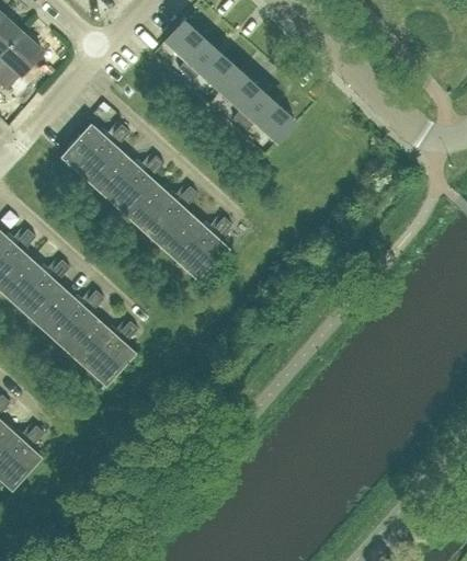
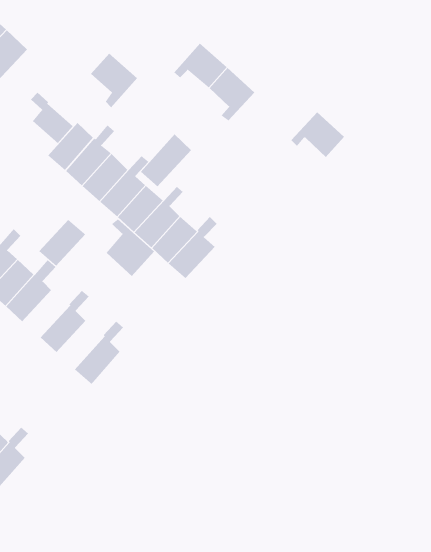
building: [164,20,212,75] -> [90,53,138,108]
building: none -> [30,92,74,144]
building: [240,94,294,140] -> [291,111,345,158]
building: none -> [140,134,192,187]
building: none -> [106,219,155,277]
building: [35,290,82,337] -> [38,219,86,267]
building: [69,321,116,369] -> none

